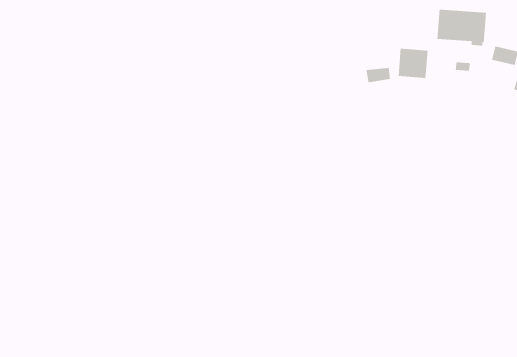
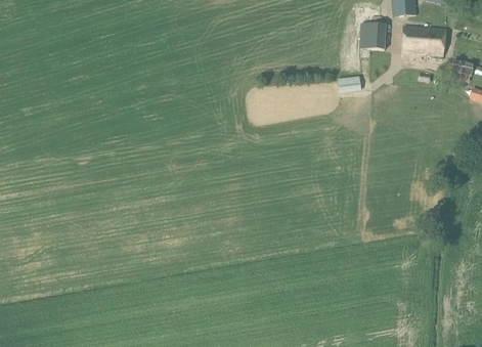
building: [398,48,429,79] -> [359,21,387,49]

